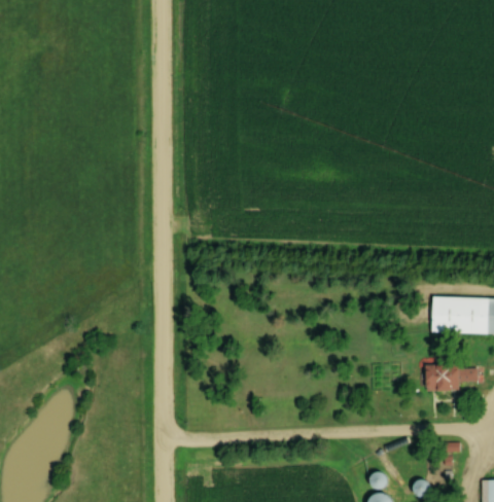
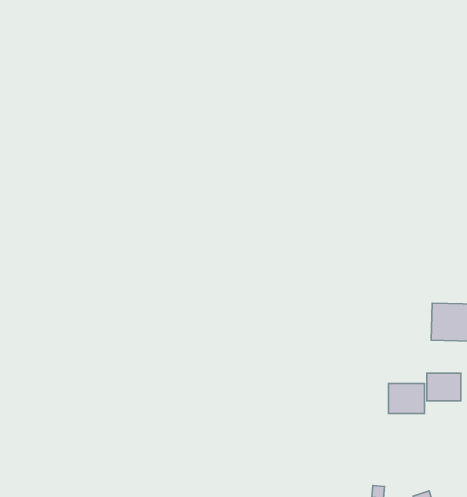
building: none -> [389,384,425,414]

